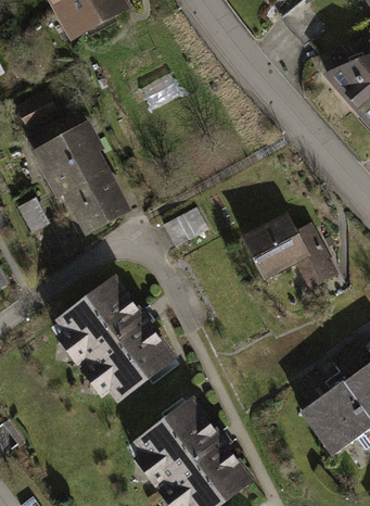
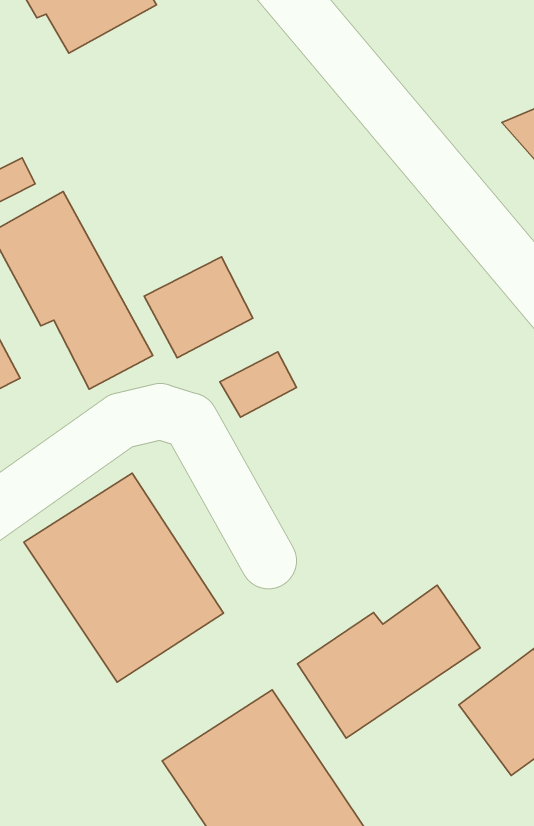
building: none -> [144,257,253,358]
building: [246,216,337,287] -> none
building: none -> [298,585,480,738]

